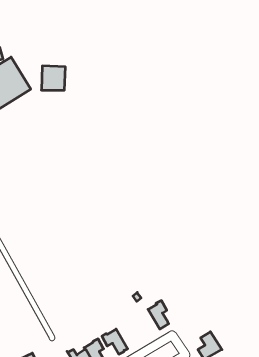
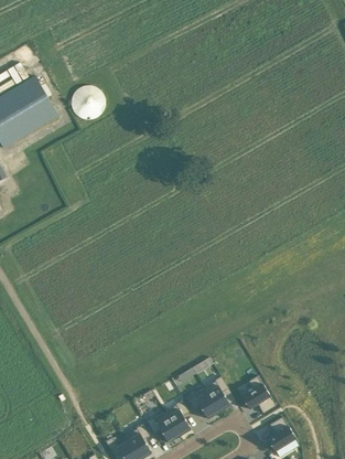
building: none -> [240,375,276,413]
building: none -> [185,387,218,418]
building: none -> [164,399,191,436]

